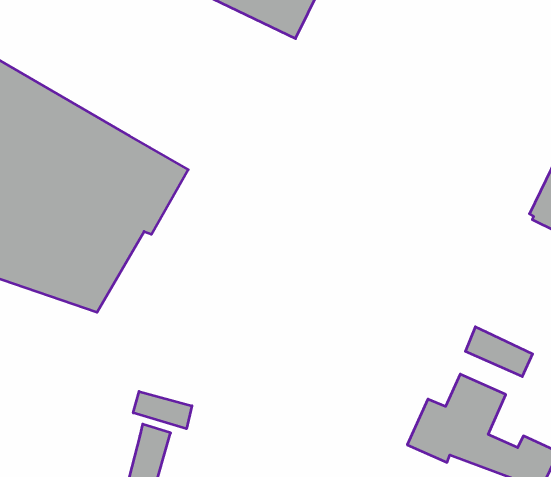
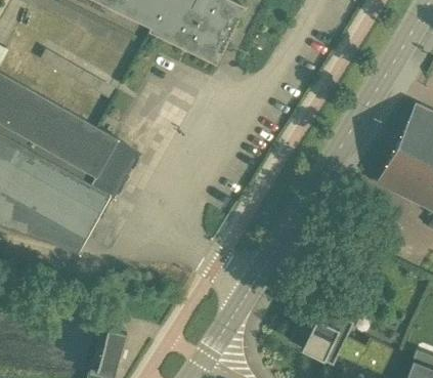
building: [465,327,533,377] -> none
building: [133,391,192,429] -> none

